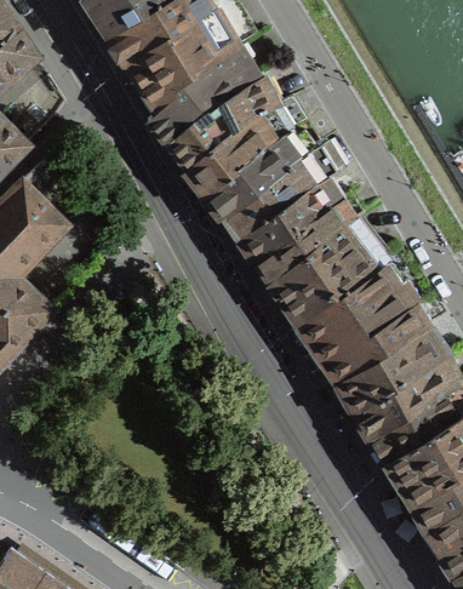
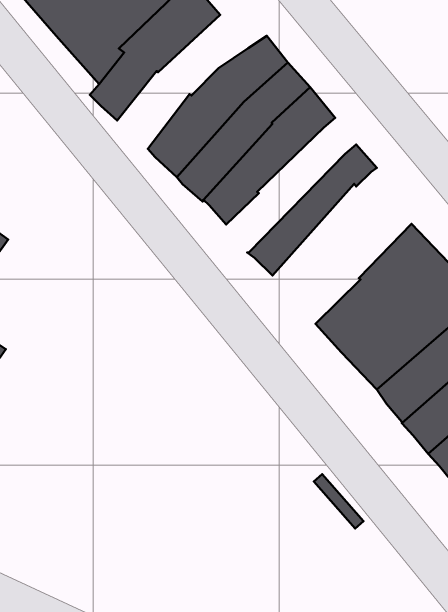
building: [165,78,275,175] -> none
building: [236,178,338,267] -> none
building: [267,218,387,330] -> none

